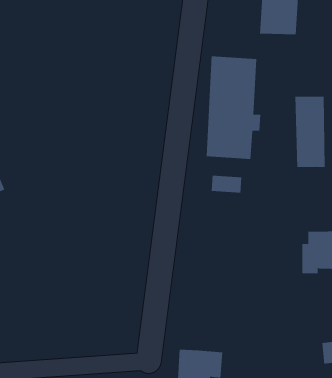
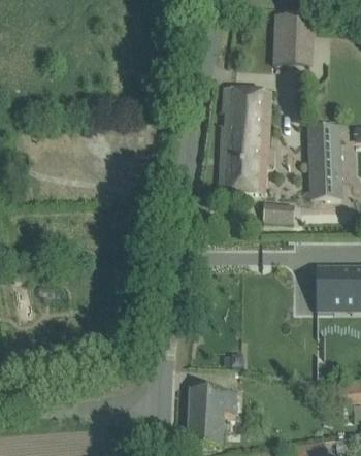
building: [211,175,242,193] -> [262,202,294,221]

